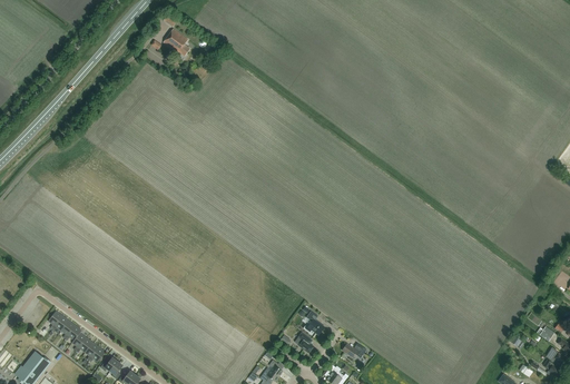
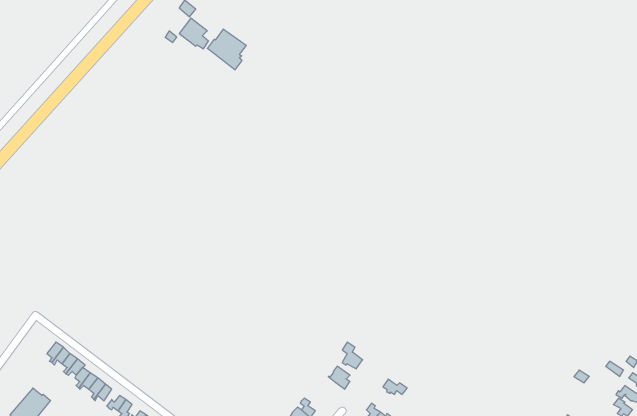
building: none -> [207,29,246,70]

